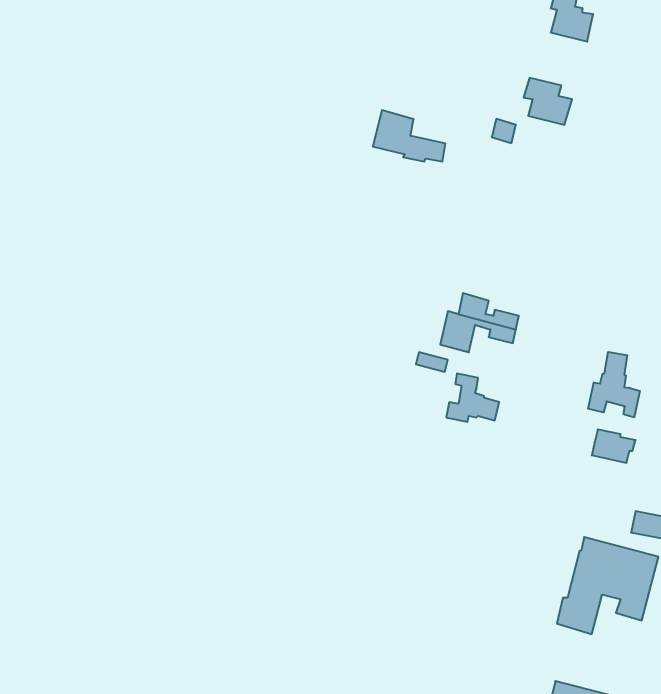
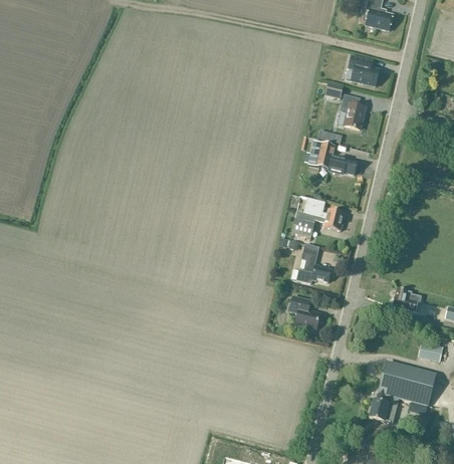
building: [373,110,445,162] -> [308,139,357,173]
building: none -> [340,93,366,128]
building: [588,352,640,417] -> none
building: none -> [289,294,320,327]

